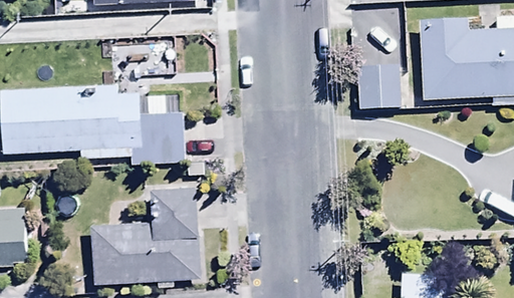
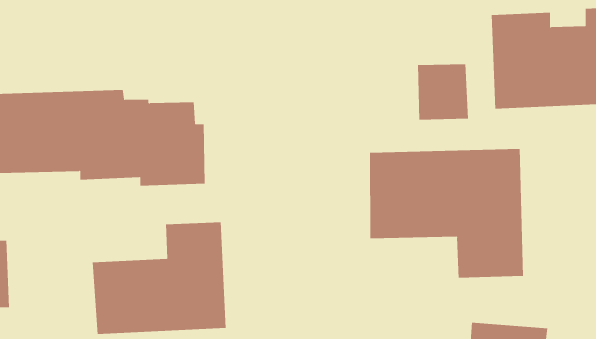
building: none -> [369,148,524,278]

